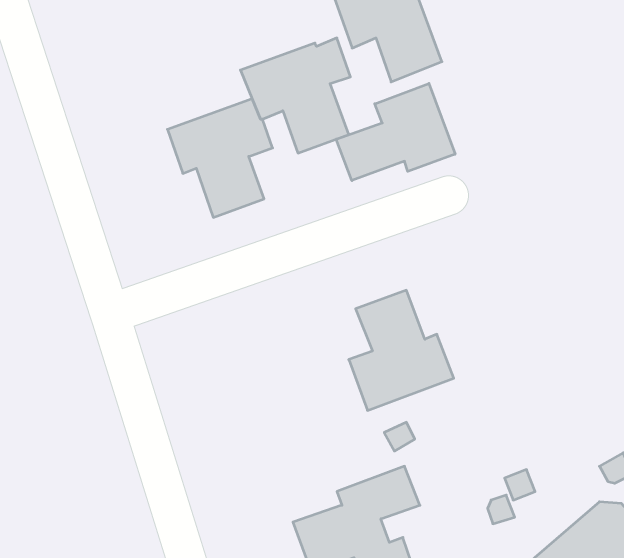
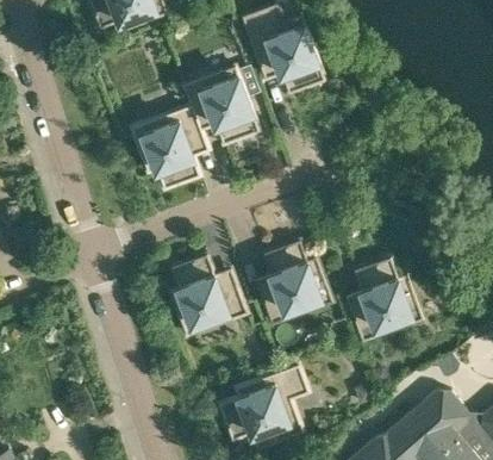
building: [336,83,455,181] -> none
building: none -> [170,255,246,336]
building: none -> [349,257,423,342]

